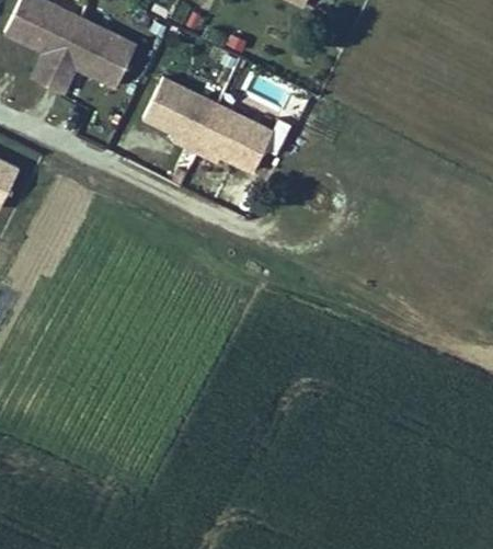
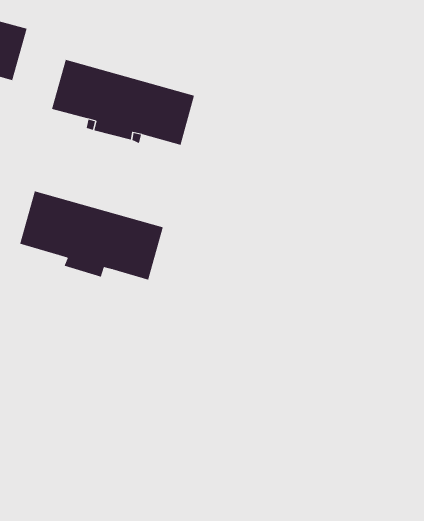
building: none -> [19,191,164,280]

